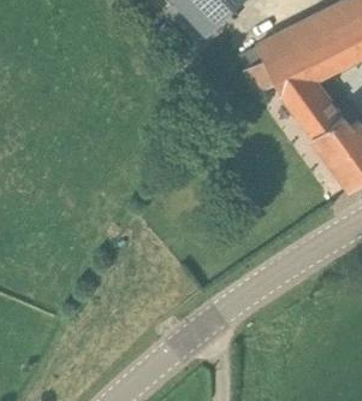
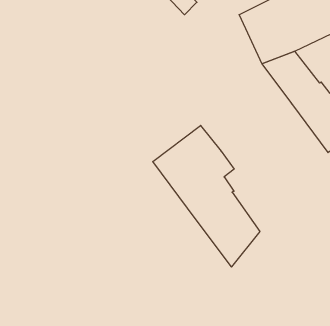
building: none -> [153,125,260,267]

